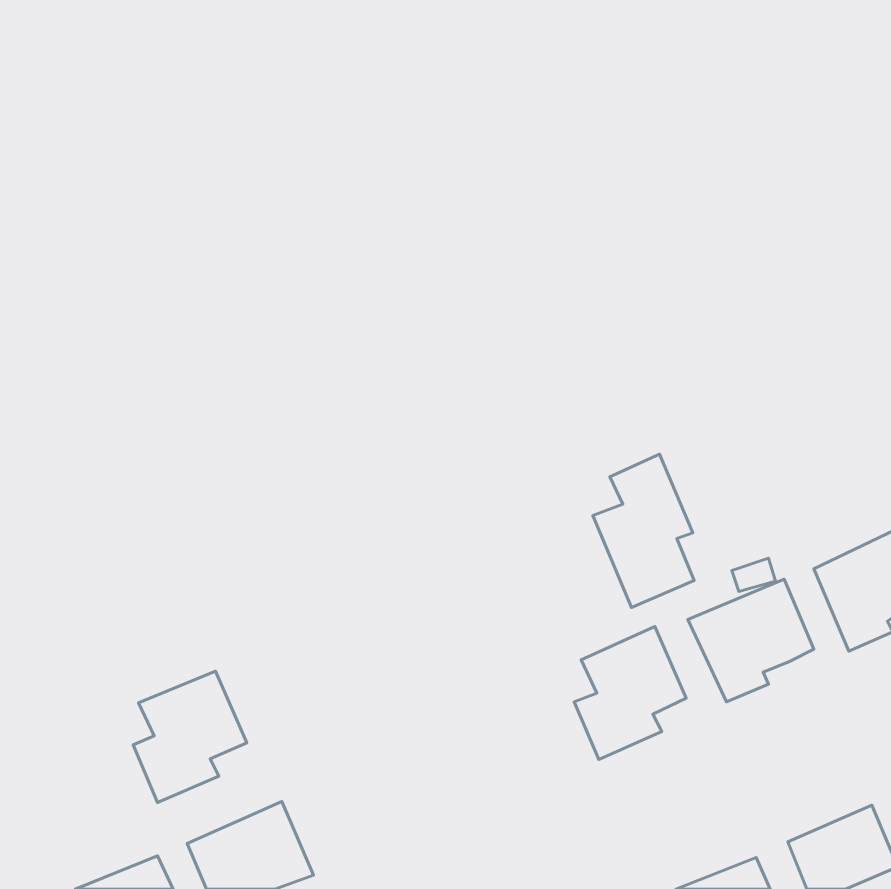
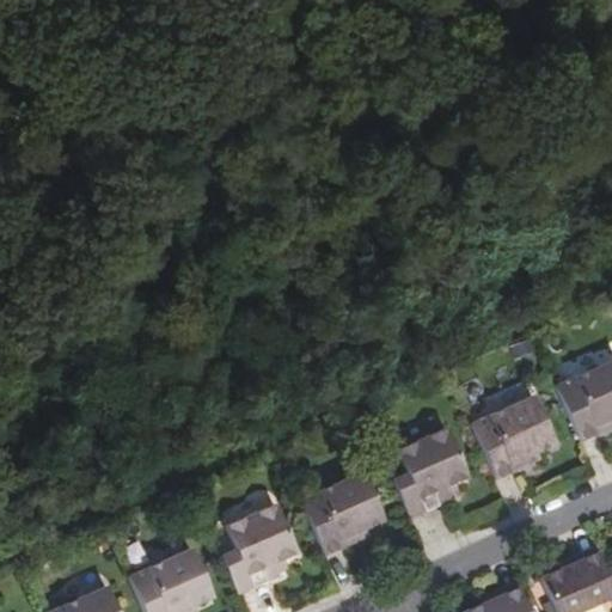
building: [593,454,694,608] -> none
building: [133,671,247,802] -> [222,504,300,594]
building: none -> [302,472,386,556]

